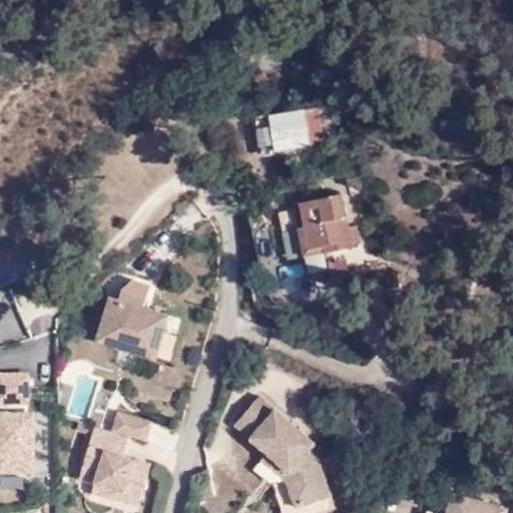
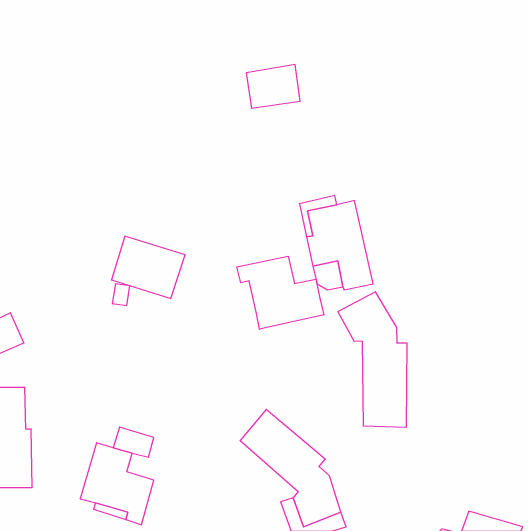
building: [268,108,320,150] -> [246,65,300,108]
building: none -> [237,256,324,329]
building: none -> [338,292,407,427]
building: [95,299,166,359] -> [111,236,185,299]

